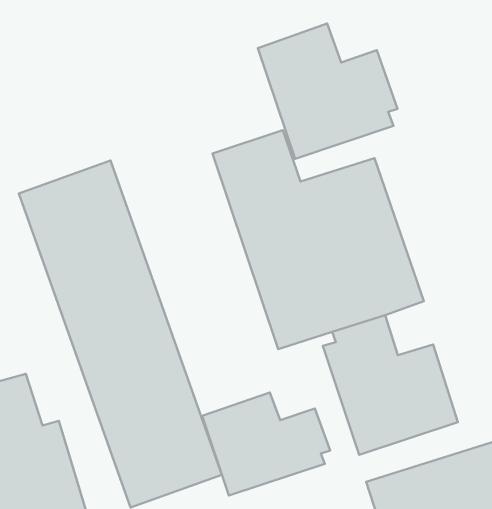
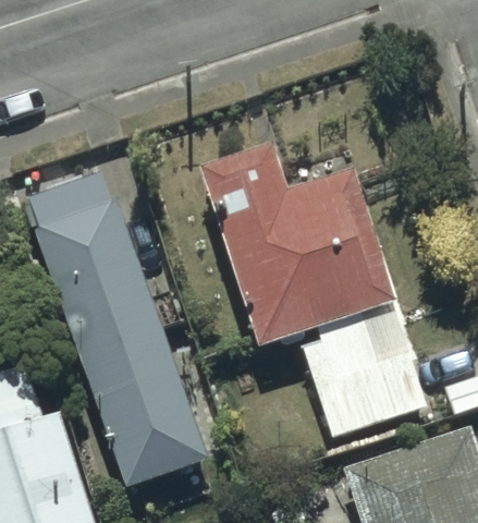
building: [258,24,398,159] -> none
building: [202,392,330,496] -> none

